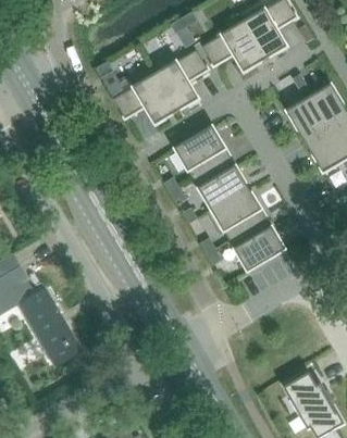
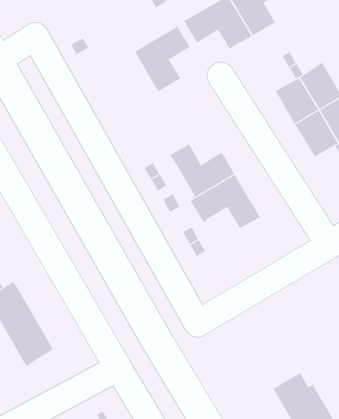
building: [113,70,177,125] -> none
building: [175,126,237,179] -> none
building: [223,220,285,272] -> none

